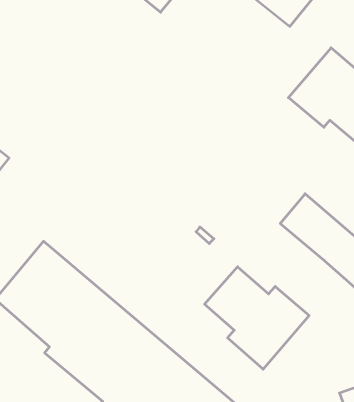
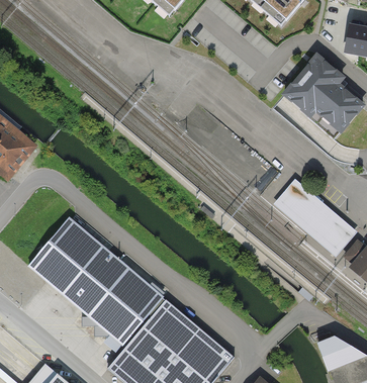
building: [205,267,309,369] -> none

